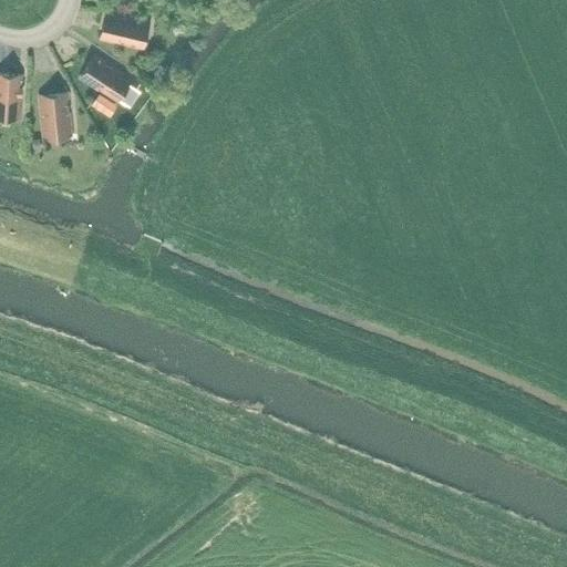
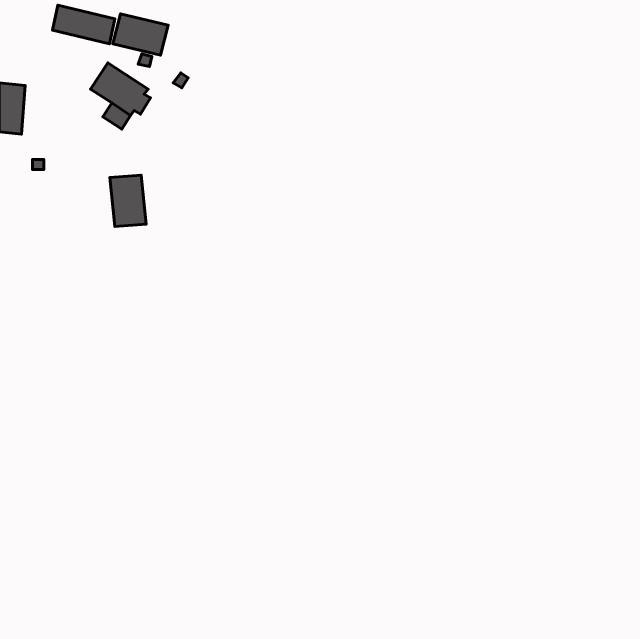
building: none -> [52,5,115,44]
building: [39,95,71,141] -> [110,175,146,227]

